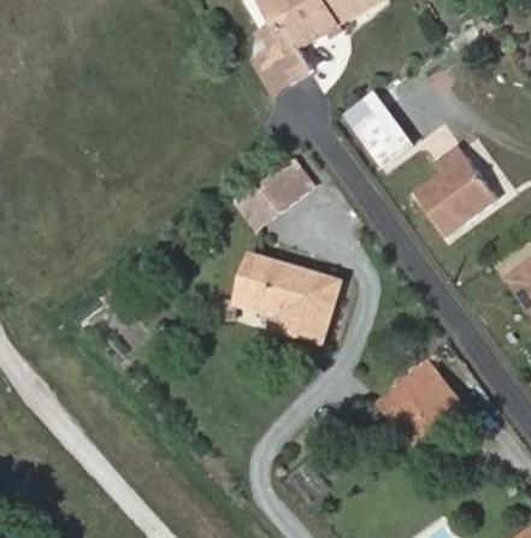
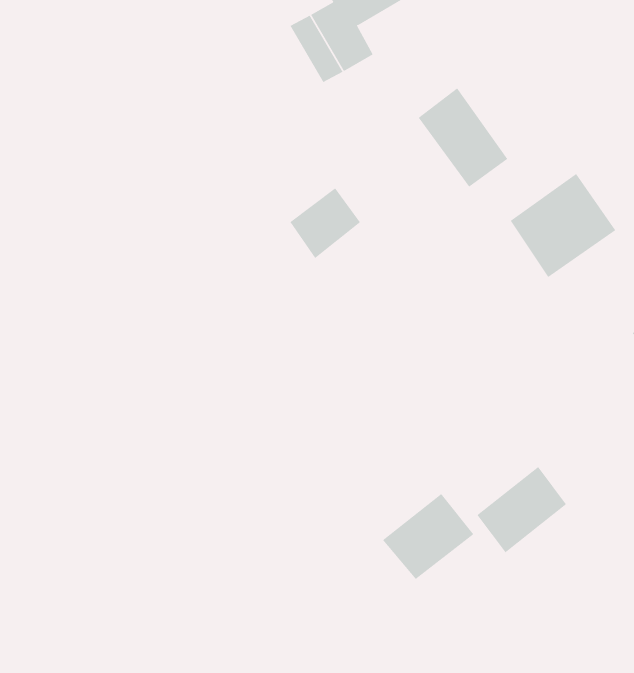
building: [238,258,338,338] -> none
building: none -> [382,493,474,580]

